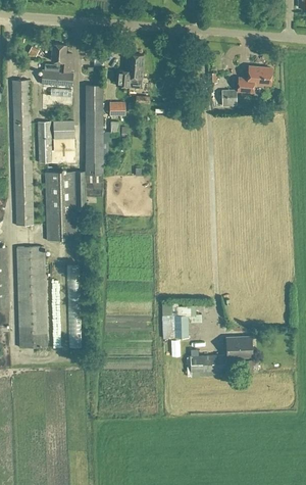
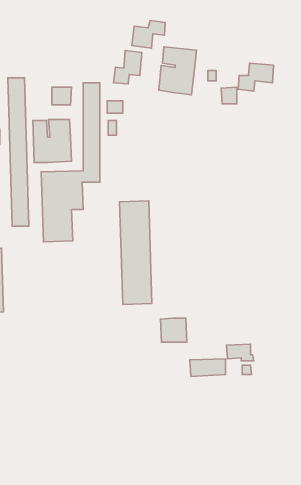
building: none -> [132,21,165,48]
building: [42,43,73,86] -> none
building: none -> [159,47,197,95]
building: [16,246,48,347] -> [120,201,152,304]

